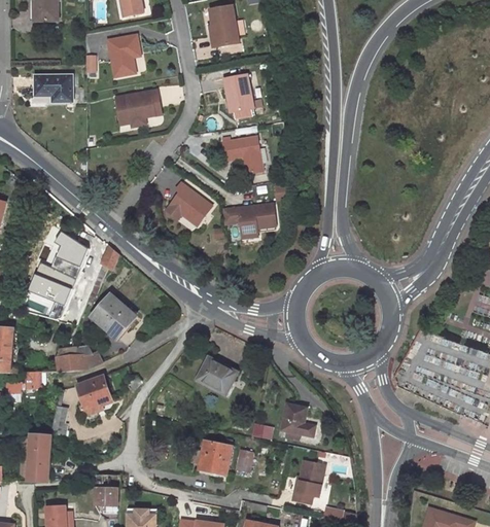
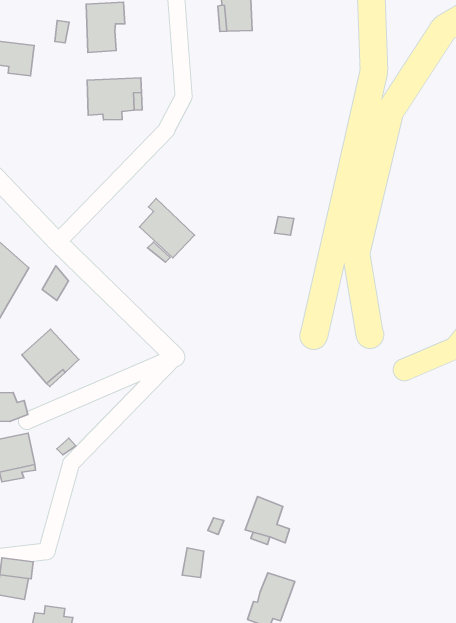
building: [223,74,254,119] -> none
building: [221,137,262,174] -> none
building: [224,204,276,234] -> none
building: [198,356,238,393] -> none
building: [199,441,232,475] -> none

